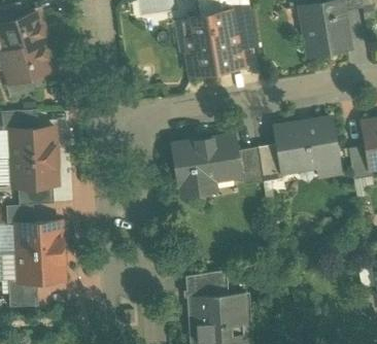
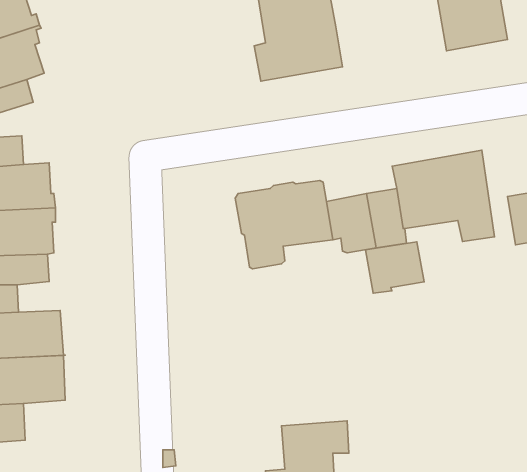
building: none -> [365,242,424,293]
building: [185,270,228,293] -> none

